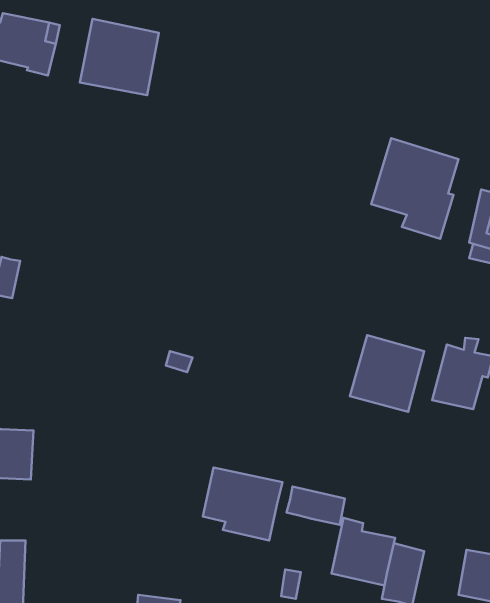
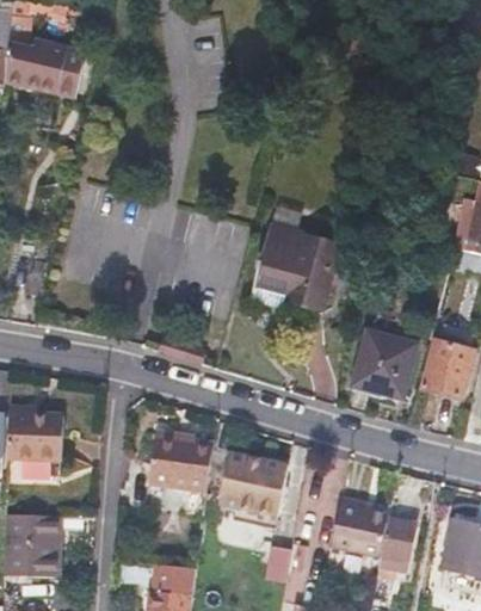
building: [80,19,159,95] -> none
building: [371,138,459,239] -> [259,222,338,313]
building: none -> [149,433,215,493]
building: [286,487,345,525] -> none

